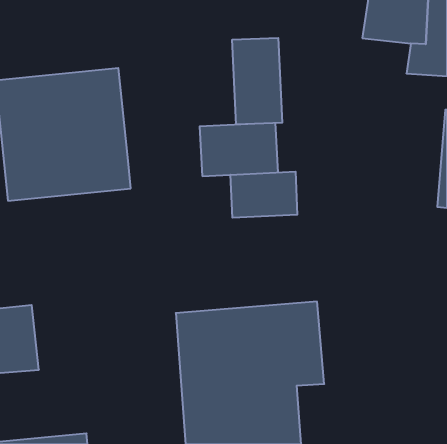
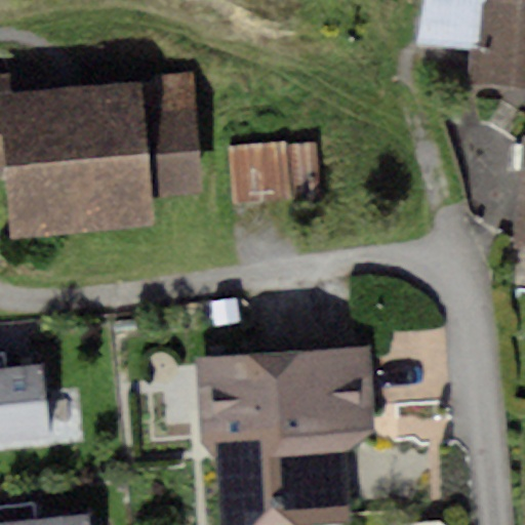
building: [232,38,282,124] -> none
building: none -> [137,74,200,187]
building: [231,172,297,218] -> none

